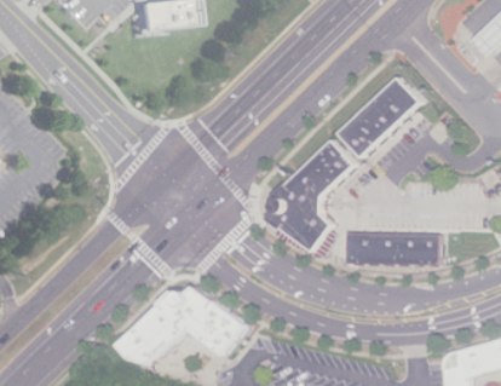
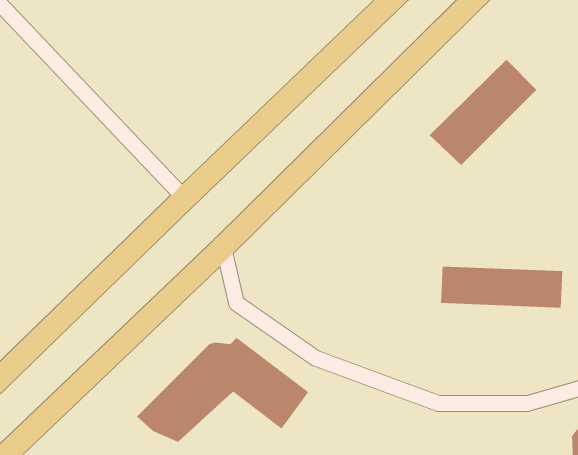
building: [267,139,355,252] -> none

